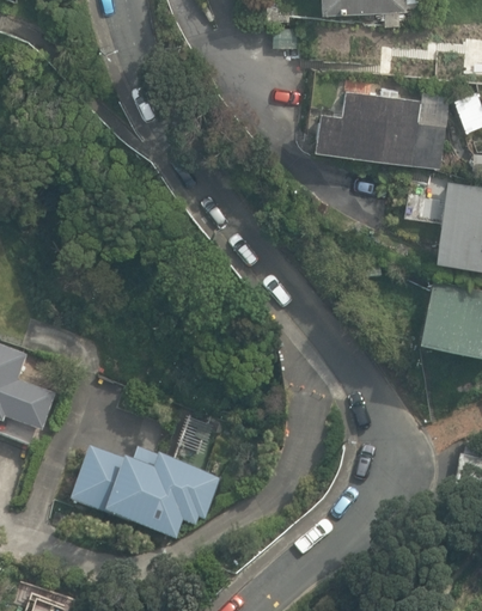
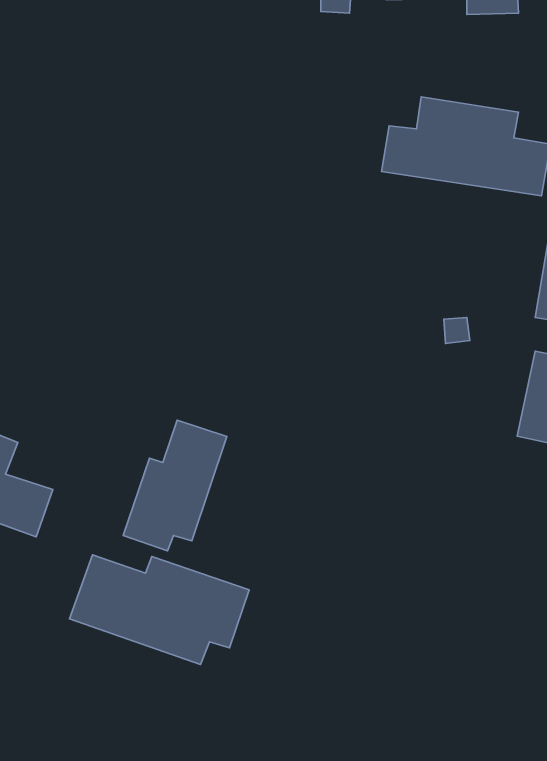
building: none -> [123,420,227,551]

